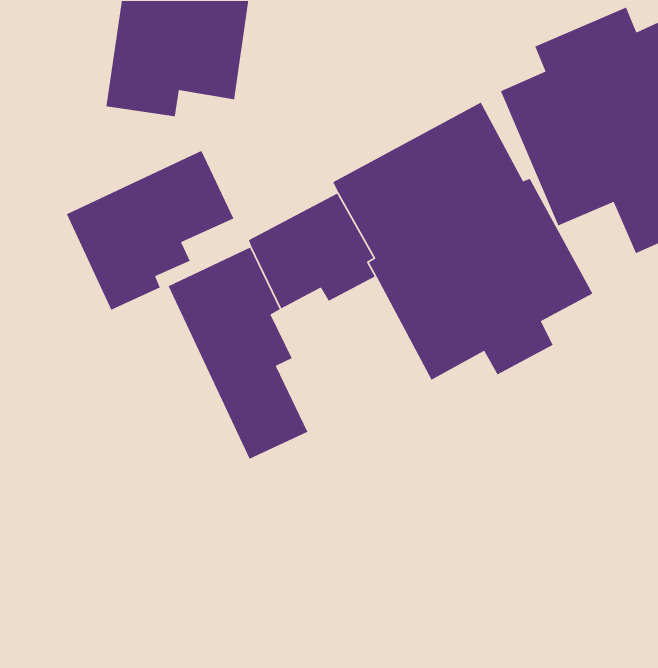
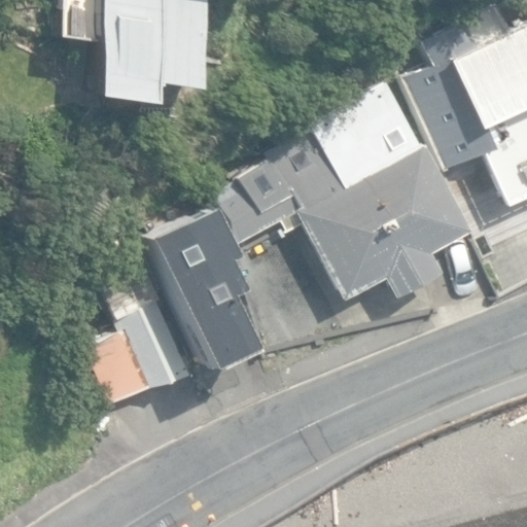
building: [66,150,234,311] -> none
building: none -> [95,292,204,400]

